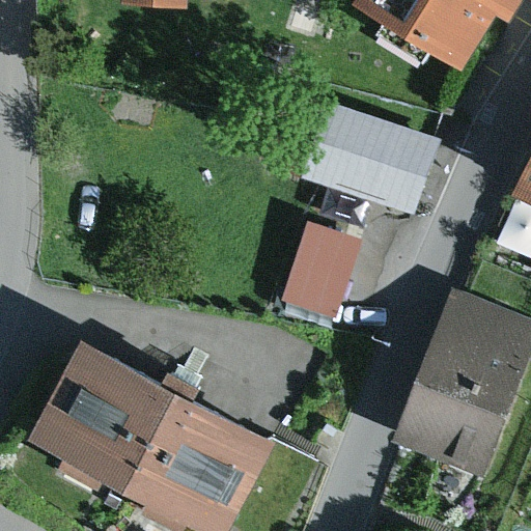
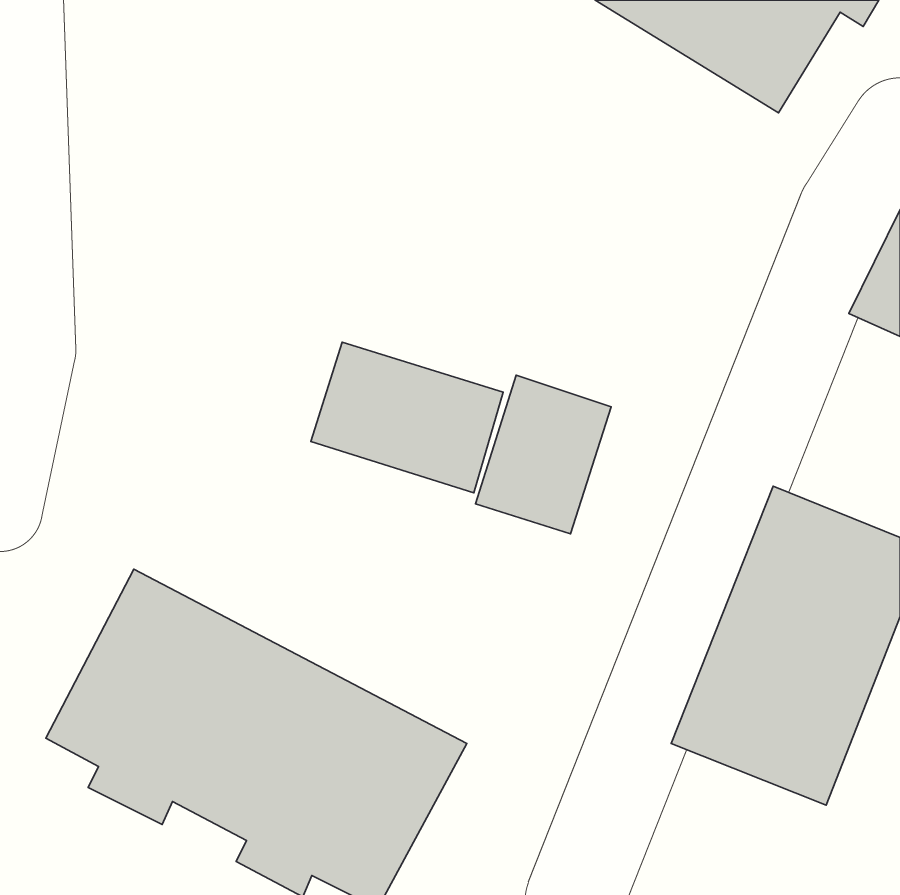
building: [295,99,436,217] -> none
building: none -> [311,342,503,493]

